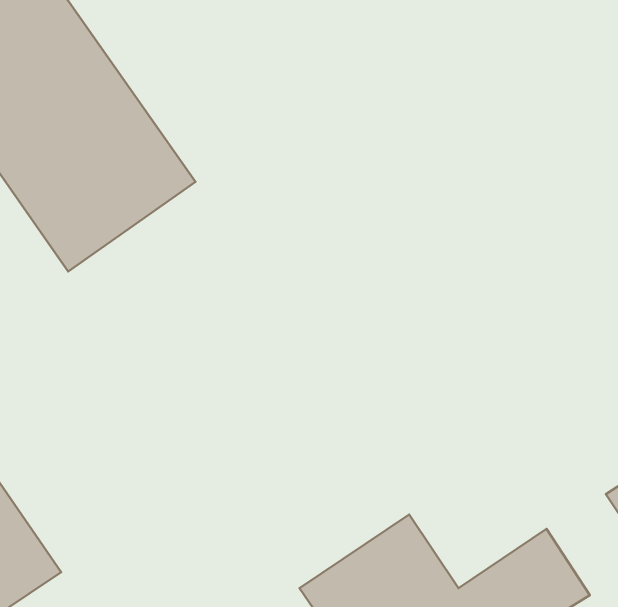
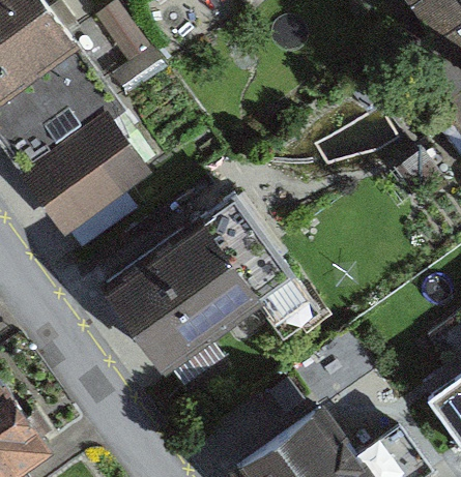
building: none -> [104,210,267,370]

